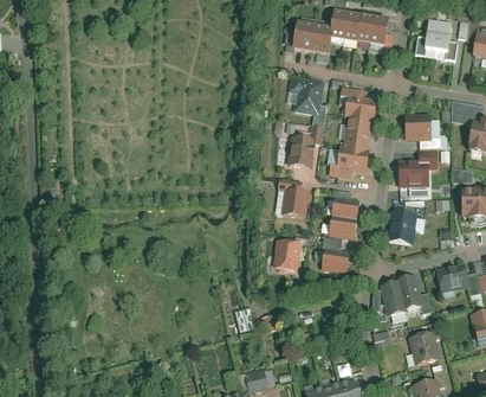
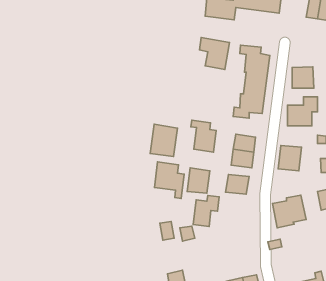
building: [287,136,315,168] -> none
building: none -> [150,124,177,156]
building: none -> [154,162,184,198]
building: none -> [193,196,219,226]
building: [408,332,440,366] -> none

